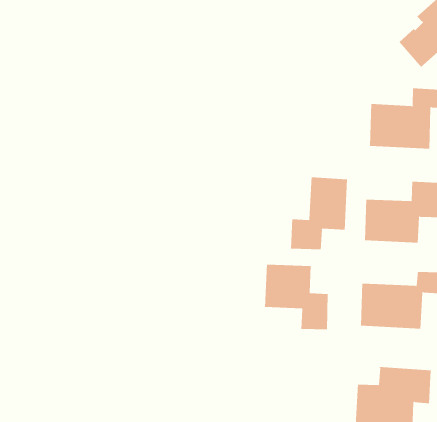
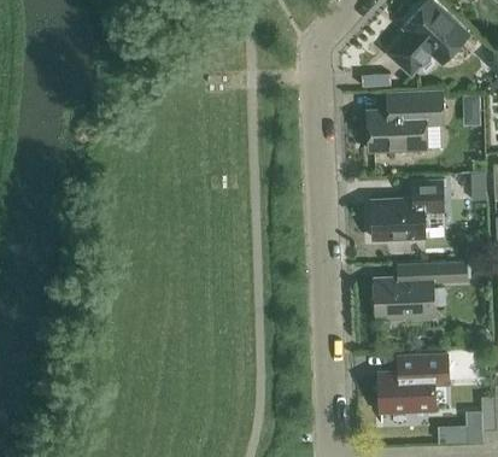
building: [291,176,347,250] -> none
building: [265,264,328,330] -> none

